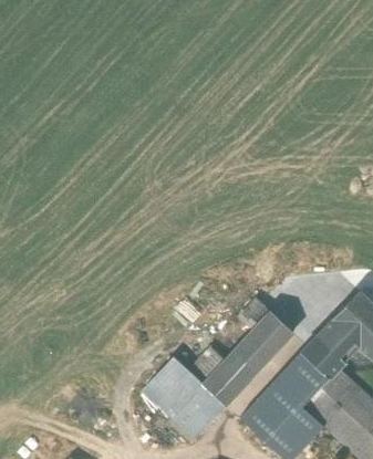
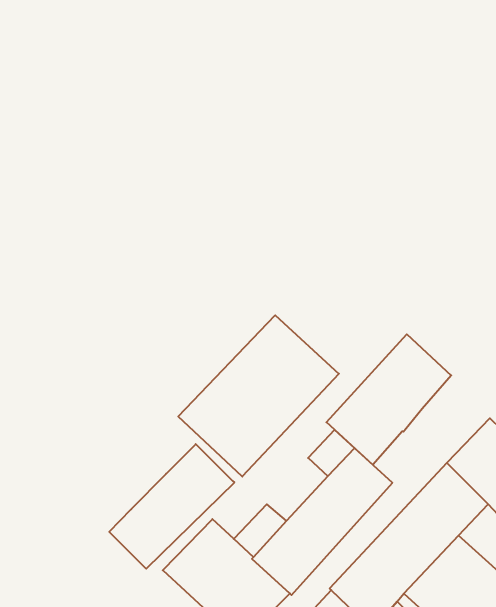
building: none -> [178,315,339,477]
building: none -> [326,334,451,465]
building: none -> [109,444,234,569]

